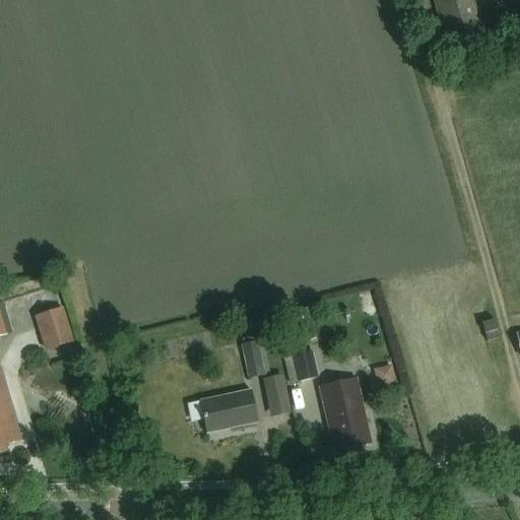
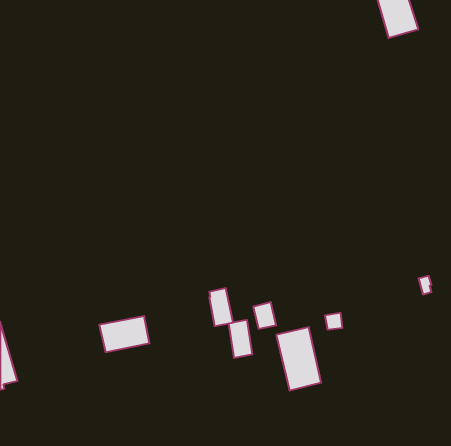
building: [35,305,73,347] -> none
building: [199,389,257,431] -> [99,316,150,352]

